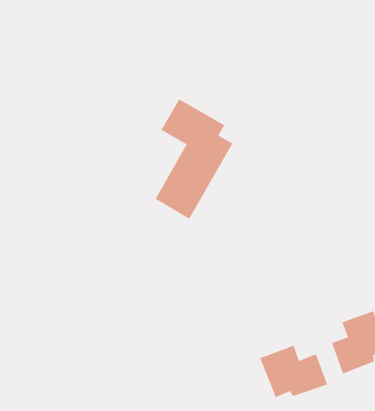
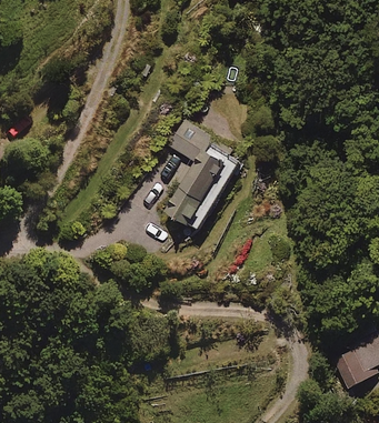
building: [260,345,328,398] -> none

